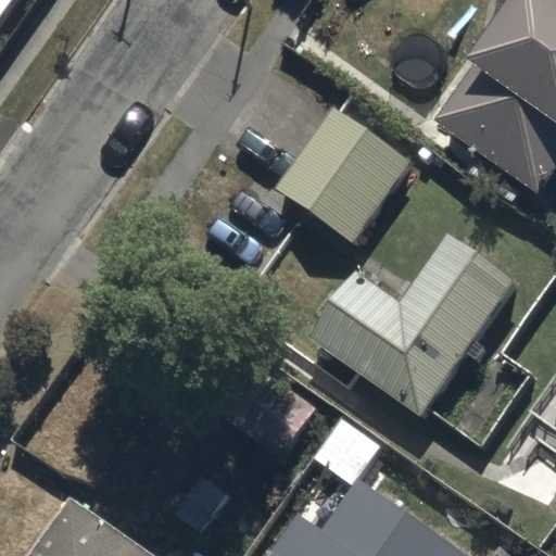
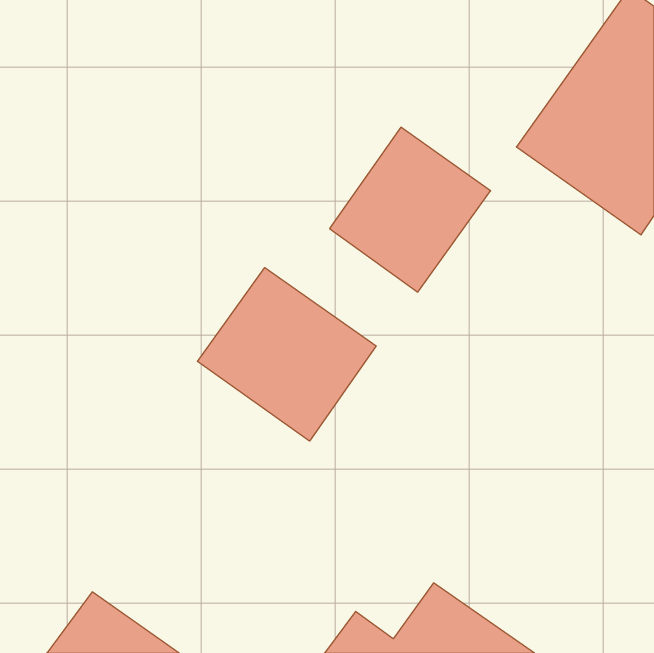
building: none -> [197,268,376,441]
building: [314,239,517,419] -> none

